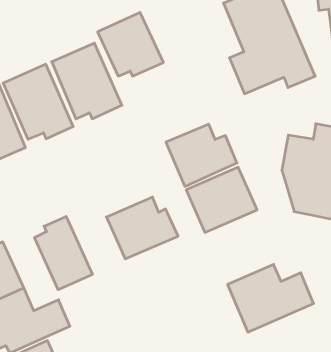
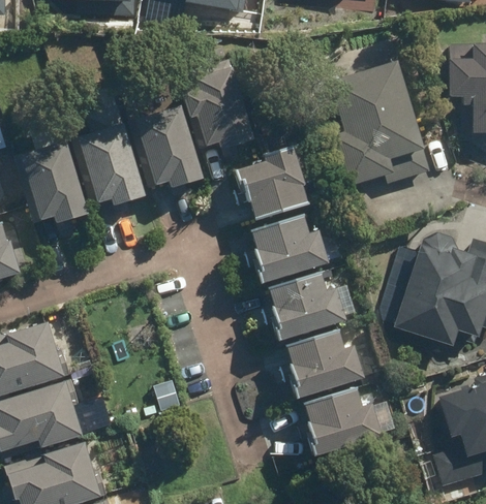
building: none -> [234,151,312,221]
building: [106,197,178,259] -> [284,328,364,396]
building: [35,216,92,290] -> none

